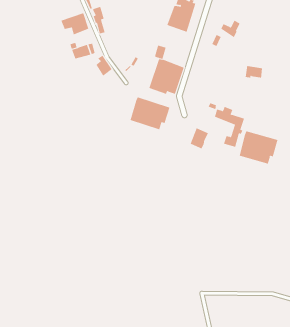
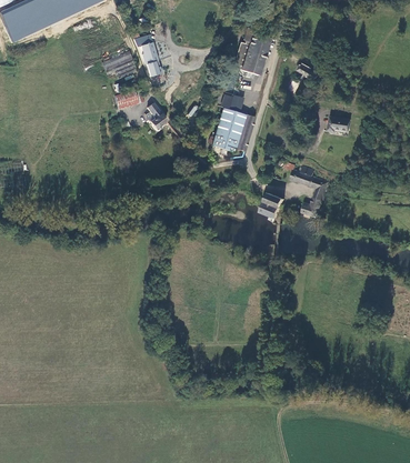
building: [130,96,170,130] -> none
building: [239,130,278,164] -> none

